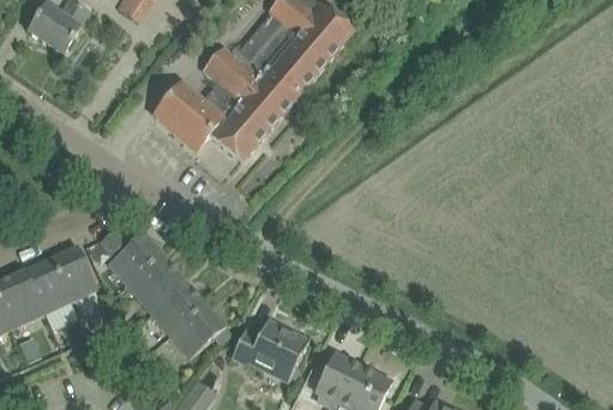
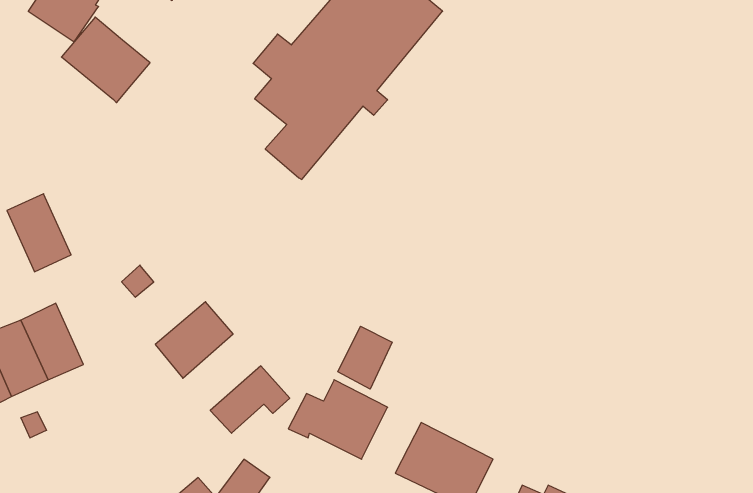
building: [155,82,224,149] -> [61,17,150,103]
building: [106,231,167,290] -> none
building: [49,245,100,306] -> [7,194,71,272]
building: none -> [338,326,392,389]
building: [149,282,210,342] -> none

